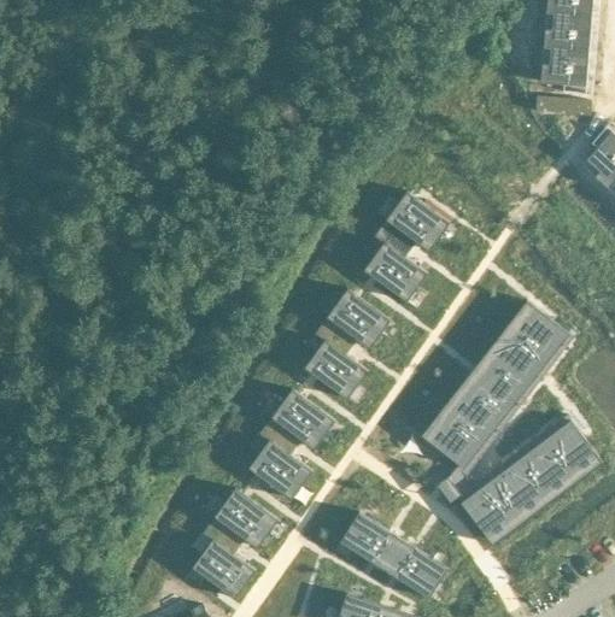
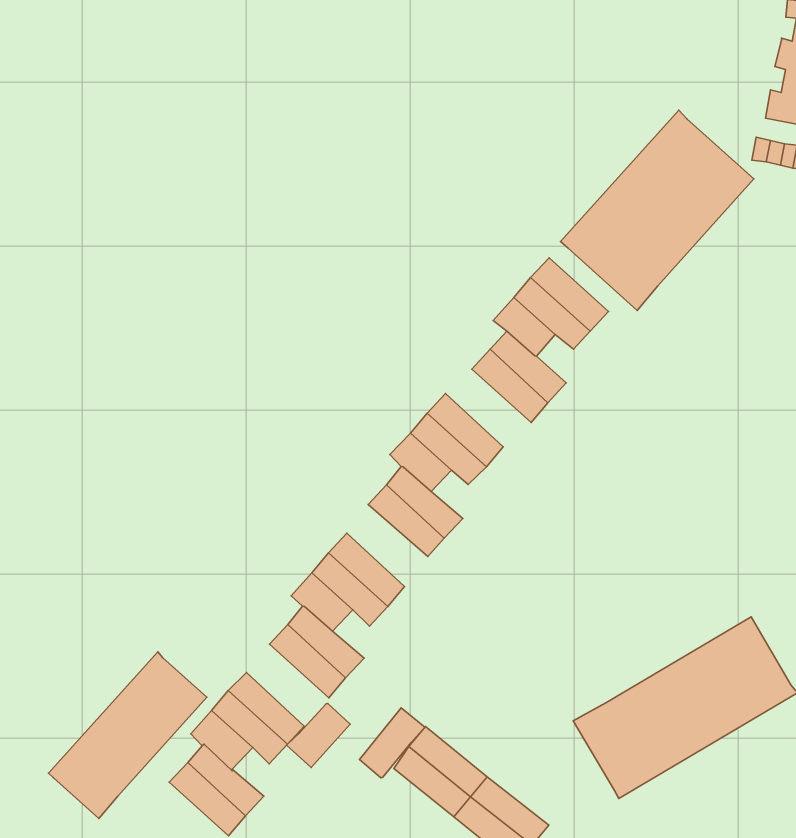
building: none -> [561,110,754,311]
building: [420,300,573,471] -> none
building: none -> [48,652,207,819]
building: none -> [359,708,425,778]
building: none -> [287,703,350,767]

